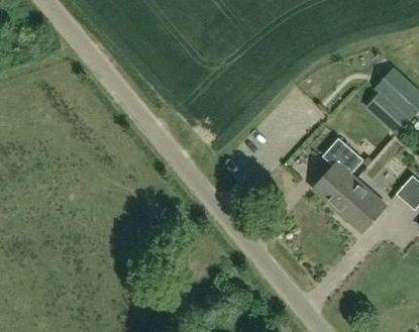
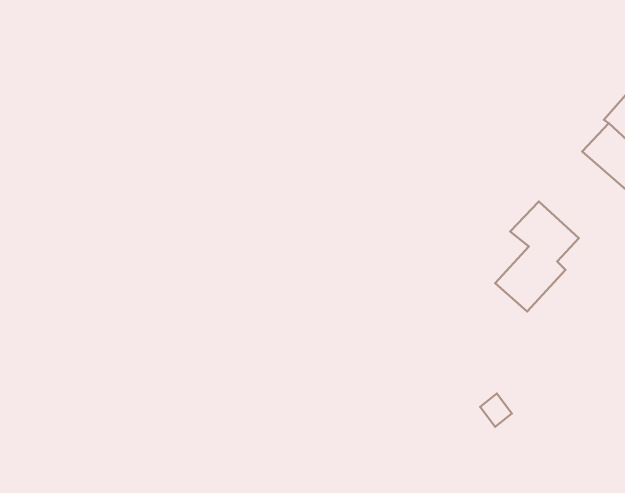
building: [331,179,385,231] -> none

